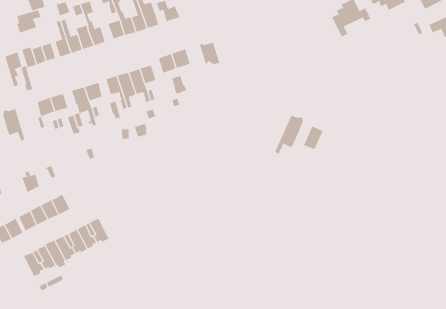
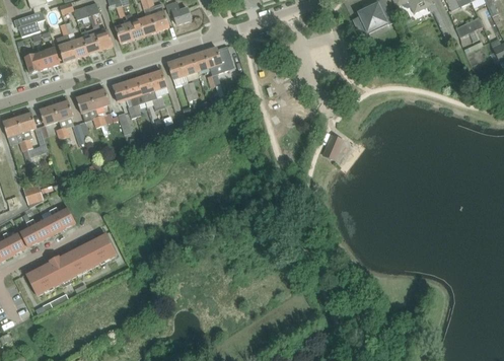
building: none -> [198,49,225,100]
building: [4,52,33,91] -> [17,112,48,153]
building: [274,115,303,155] -> none

